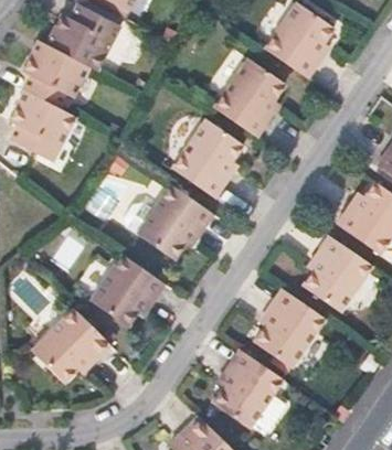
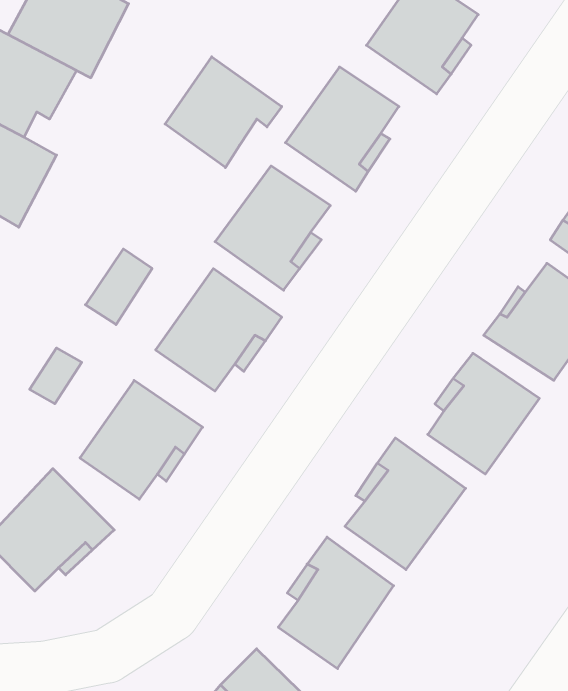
building: none -> [165,57,282,168]

